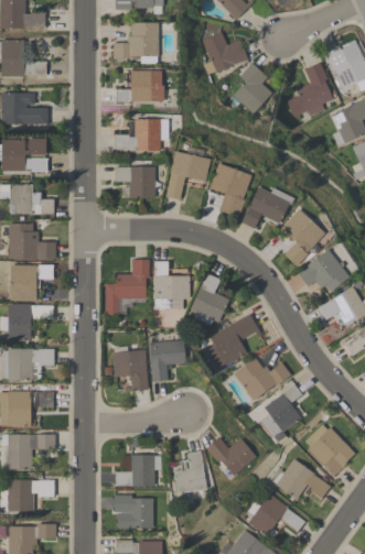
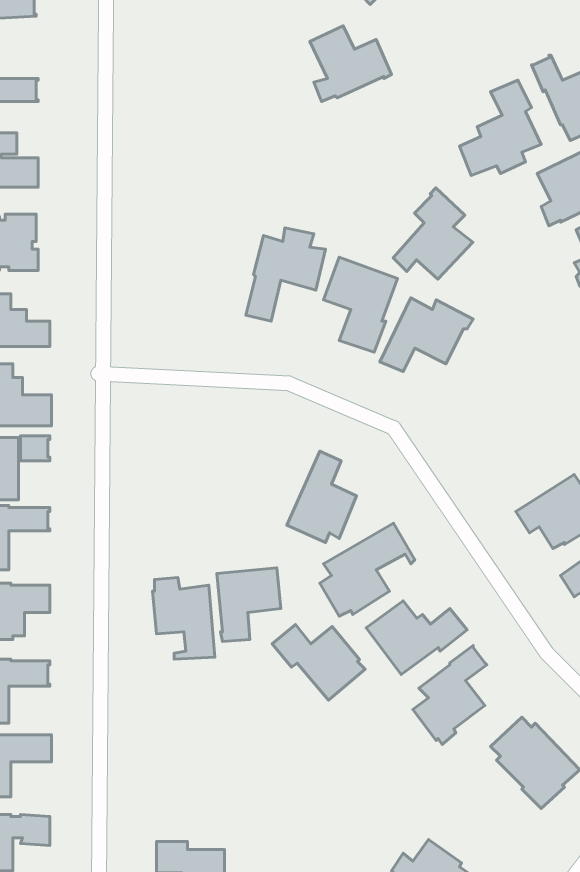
building: [114,22,159,58] -> none
building: [227,62,272,113] -> [393,188,473,279]
building: [116,70,162,102] -> none
building: [115,119,160,151] -> none
building: [115,166,155,198] -> none
building: [281,208,325,265] -> none
building: [297,249,350,292] -> none
building: [105,259,149,315] -> none
building: [153,261,190,307] -> none
building: [206,437,259,480] -> [272,624,365,700]
building: [174,450,207,493] -> none
building: [115,455,163,486] -> none
building: [272,458,331,499] -> none

